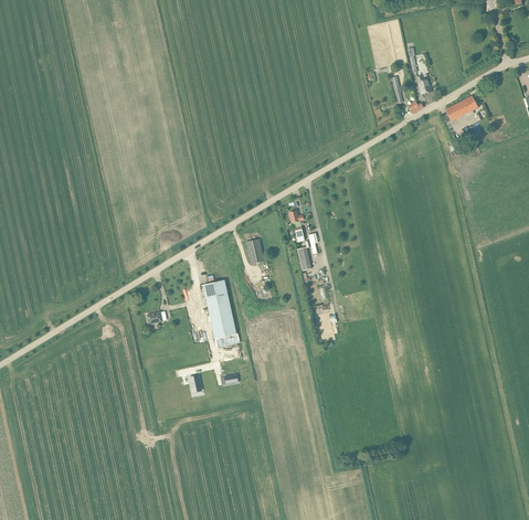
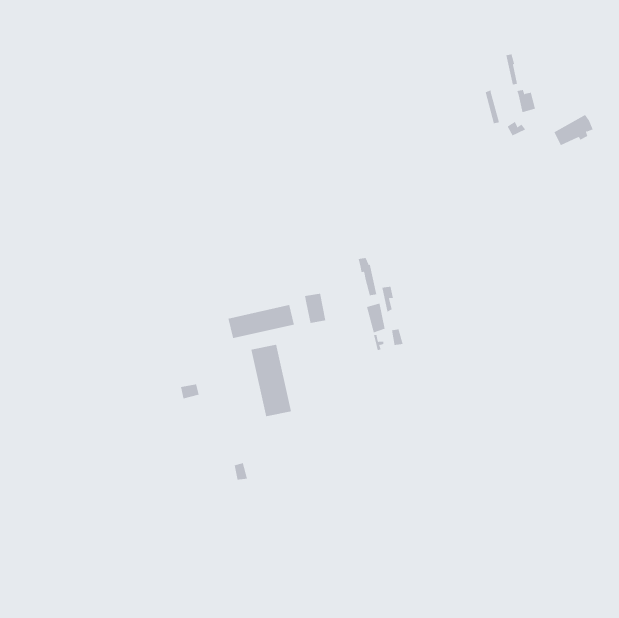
building: none -> [228,304,294,339]

